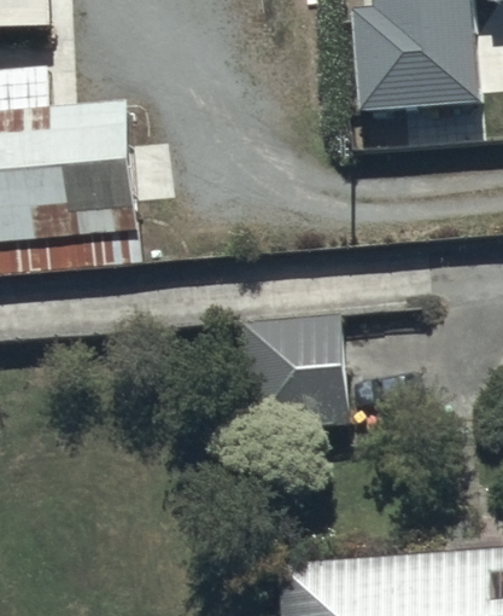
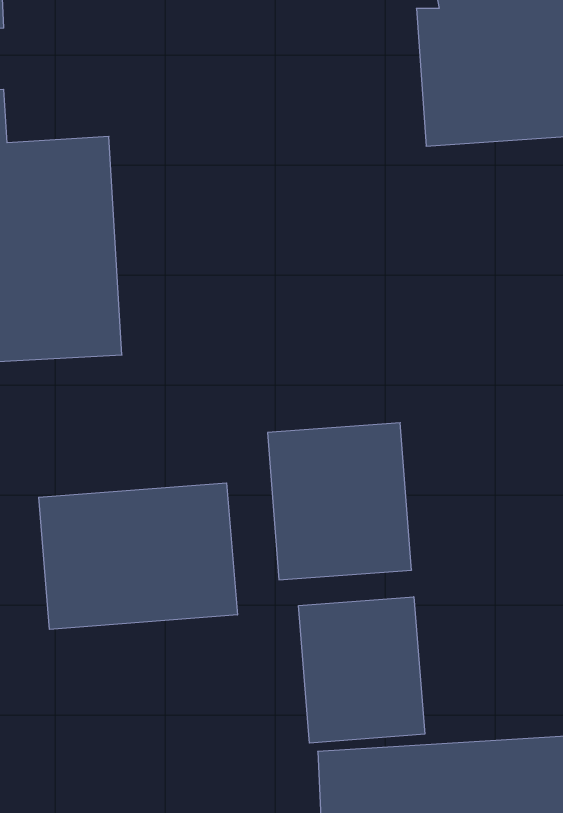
building: none -> [39,483,237,629]
building: none -> [299,597,425,743]

